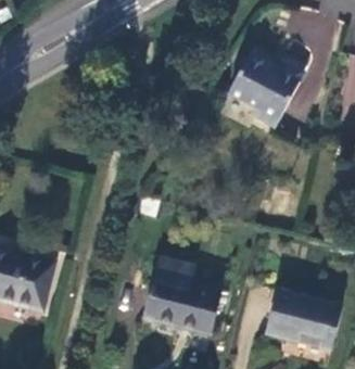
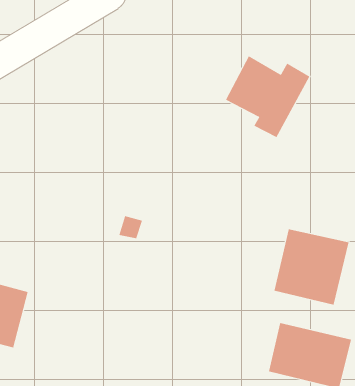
building: none -> [274,228,349,305]
building: [143,262,220,338] -> none

